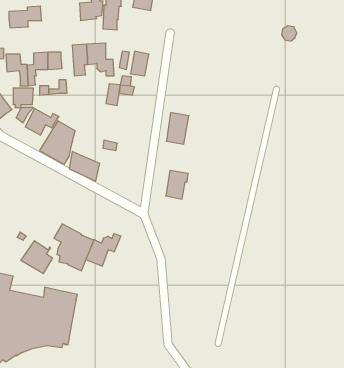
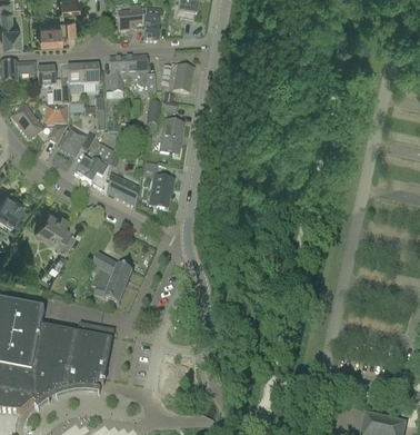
building: [166,113,189,144] -> [159,119,183,154]
building: [166,170,188,199] -> [149,176,173,207]
building: [86,234,121,266] -> none
building: [21,241,53,274] -> [36,207,70,243]

